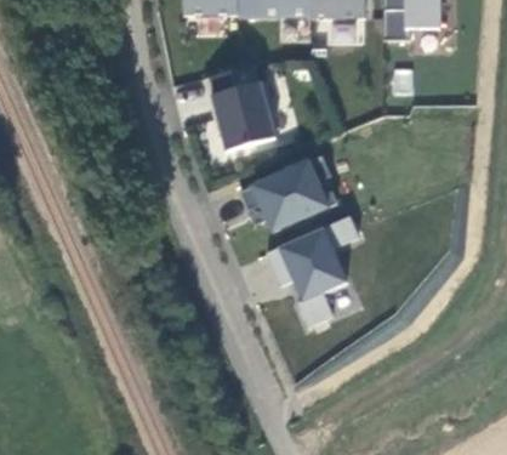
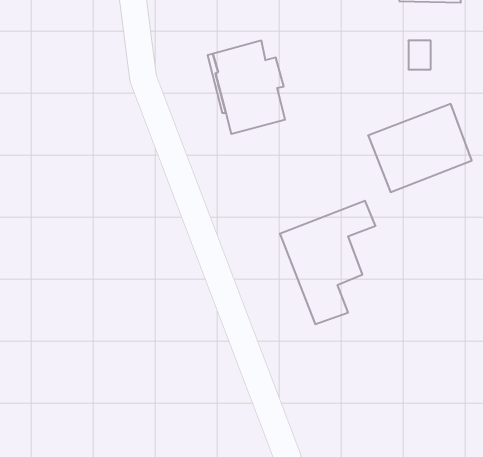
building: [243,153,338,234] -> [368,104,472,192]

